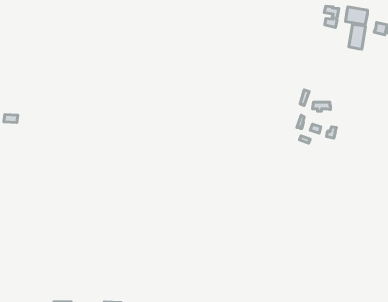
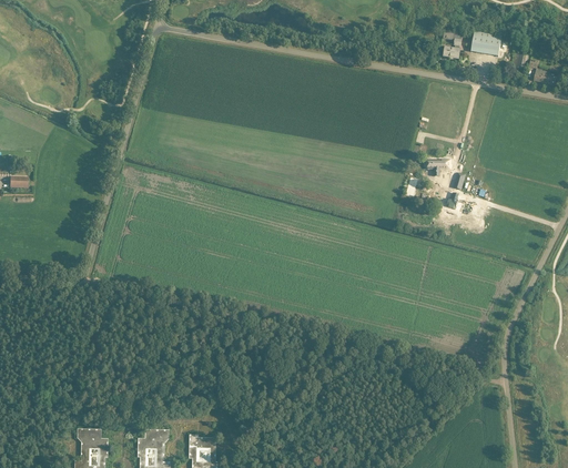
building: [349,24,366,49] -> none

